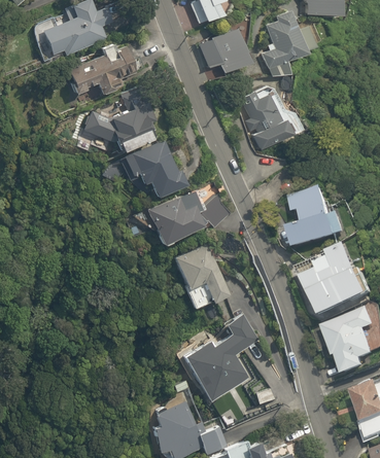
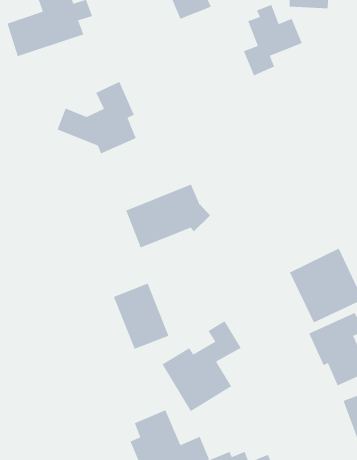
building: [195,27,248,73] -> none
building: [67,42,140,94] -> none
building: [241,89,300,150] -> none
building: [122,137,183,198] -> none
building: [290,186,349,251] -> none
building: [172,244,227,309] -> [113,283,170,350]

